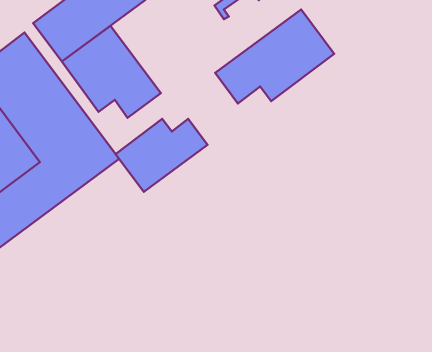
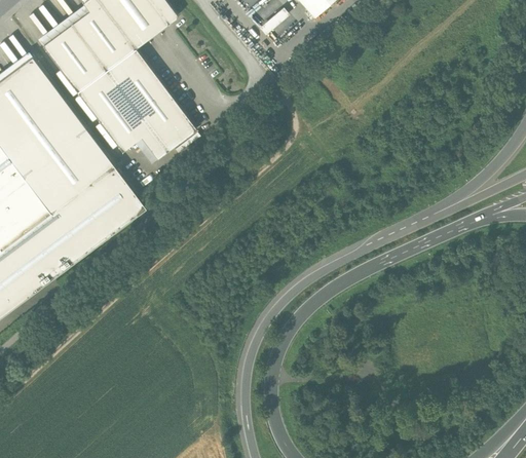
building: [215,10,334,103] -> none
building: [116,119,207,192] -> none

